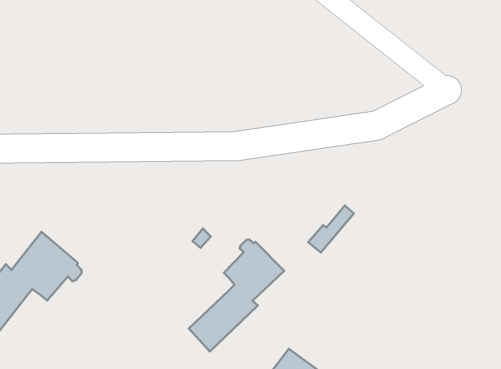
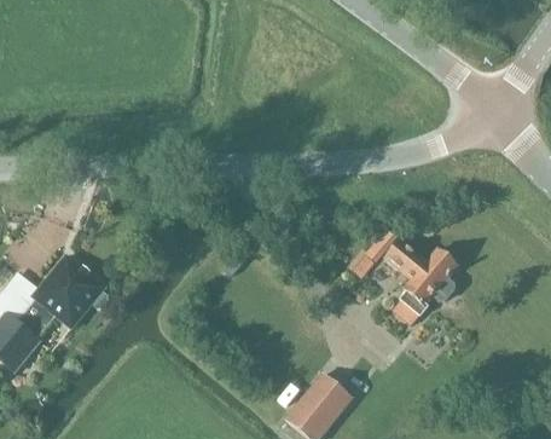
building: none -> [385,239,457,314]
building: [189,240,284,352] -> none

